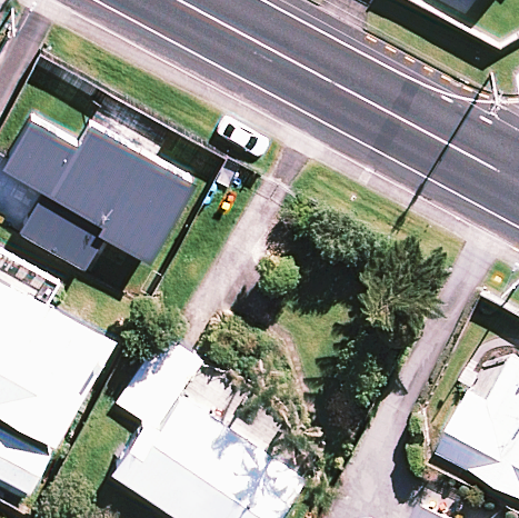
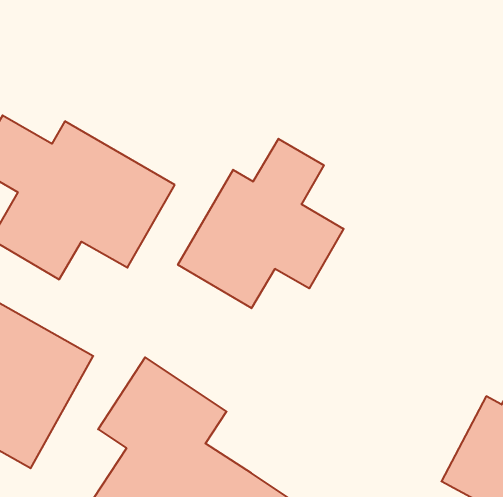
building: none -> [178,139,344,308]

